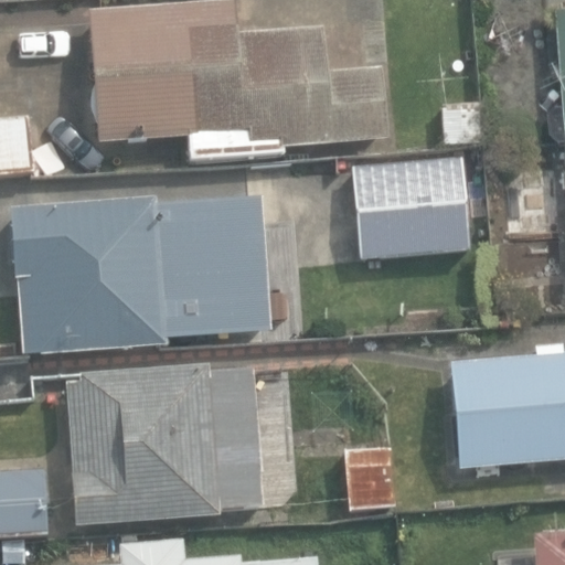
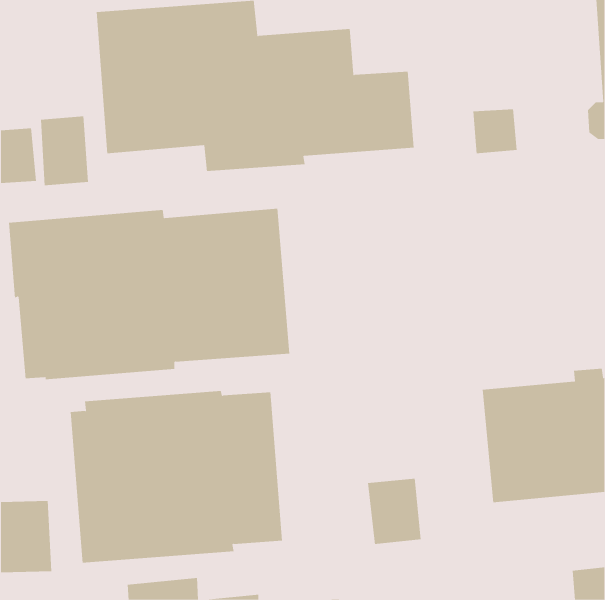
building: [354,159,471,258] -> none

